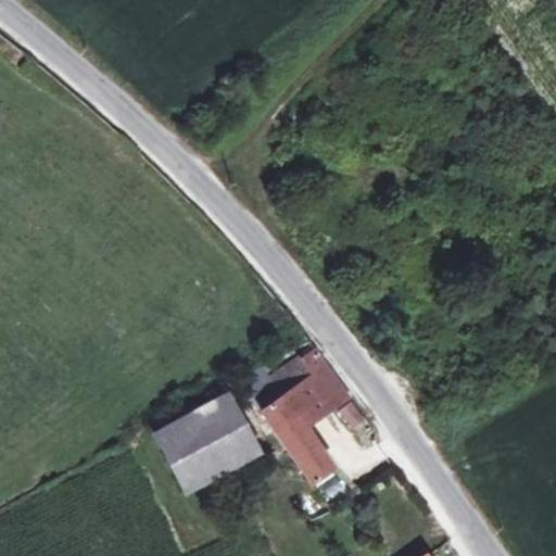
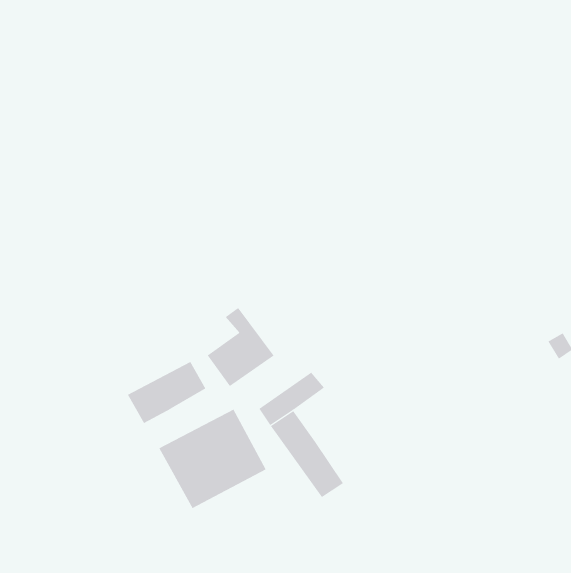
building: none -> [127,361,206,424]
building: [287,350,352,427] -> [207,307,274,387]

